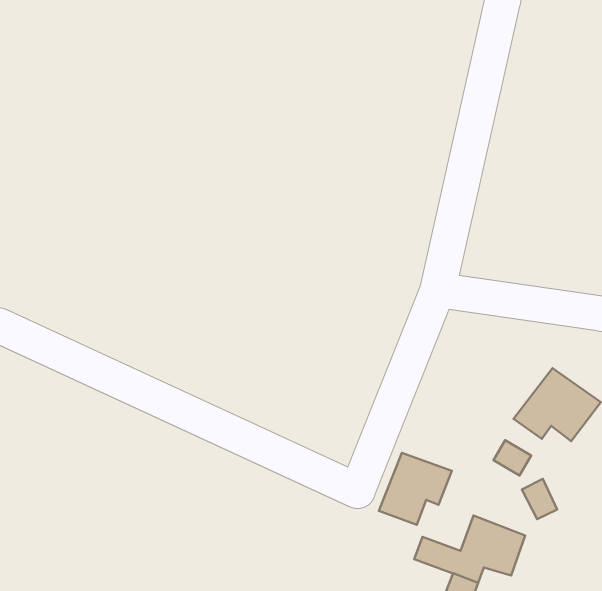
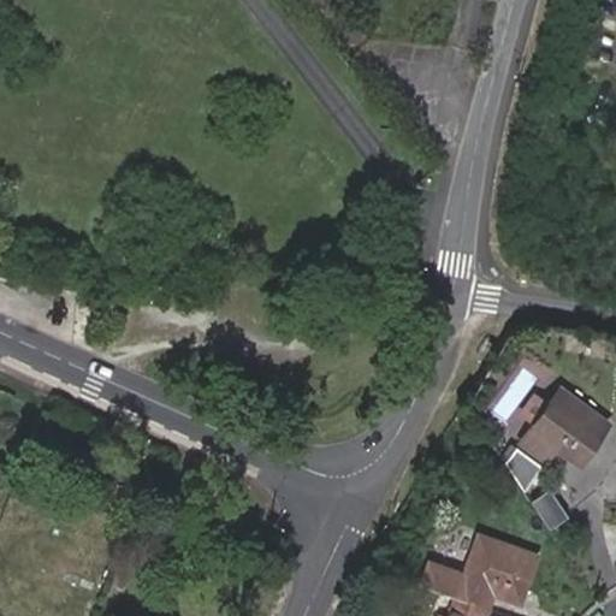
building: [379,453,452,525] -> none

